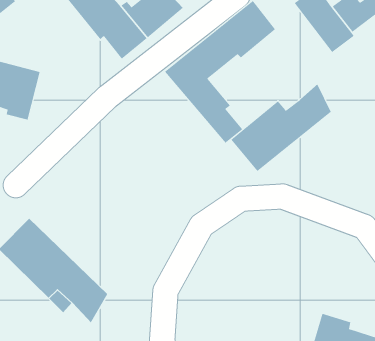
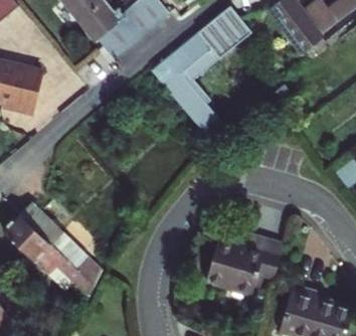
building: [230,83,331,172] -> none
building: none -> [206,236,283,296]

